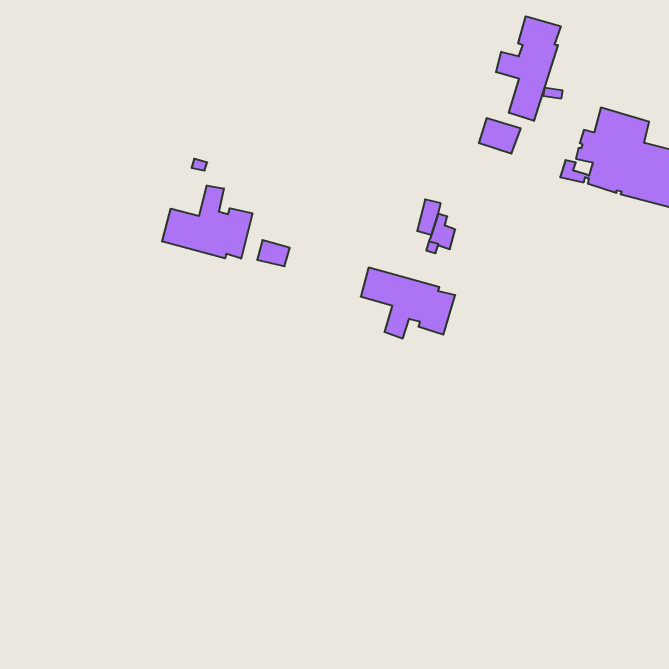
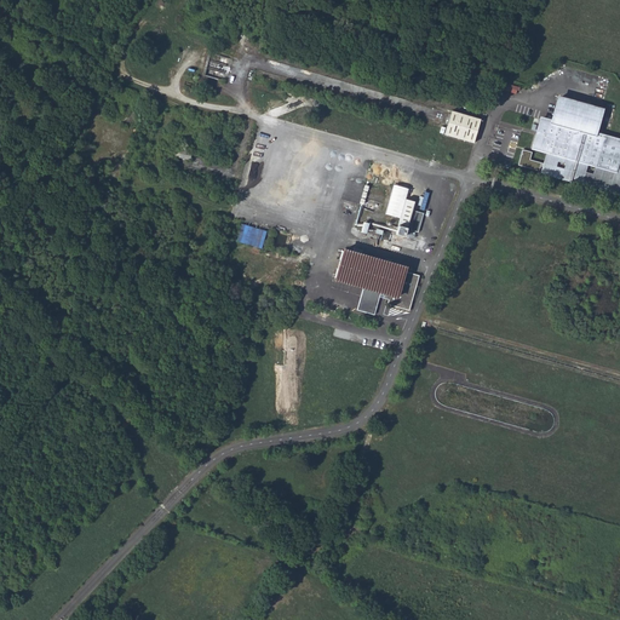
building: [496,16,561,121] -> none
building: [162,185,252,259] -> none

